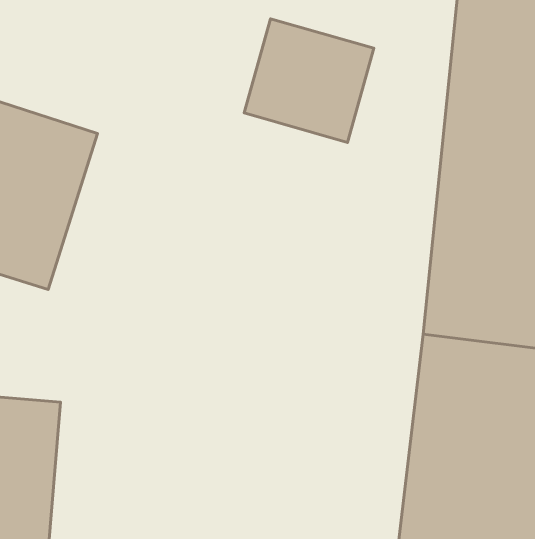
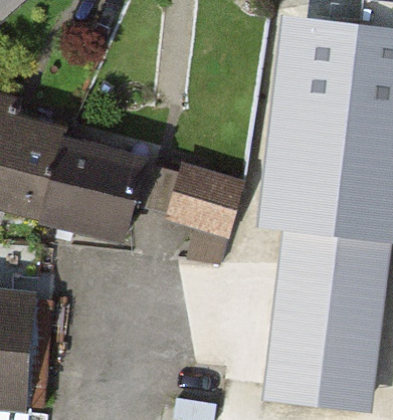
building: [244,19,374,142] -> [164,159,248,239]
building: none -> [37,144,146,254]

